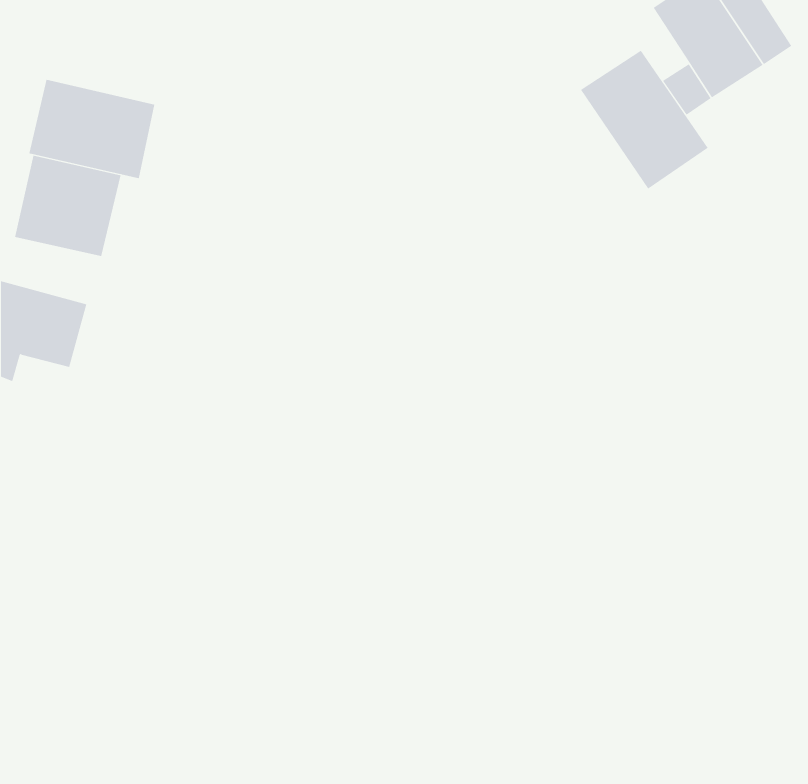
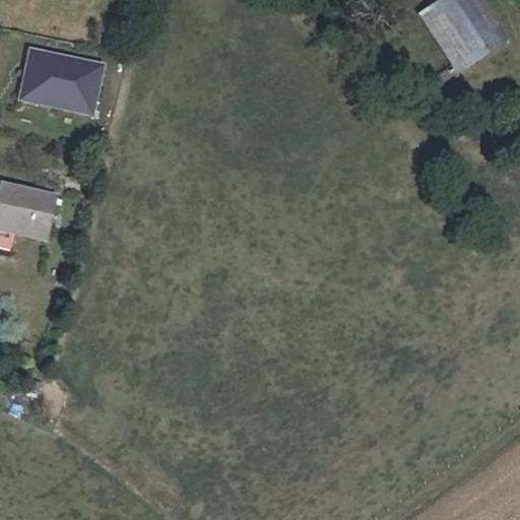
building: [580,50,708,190] -> none
building: [14,155,121,257] -> none

